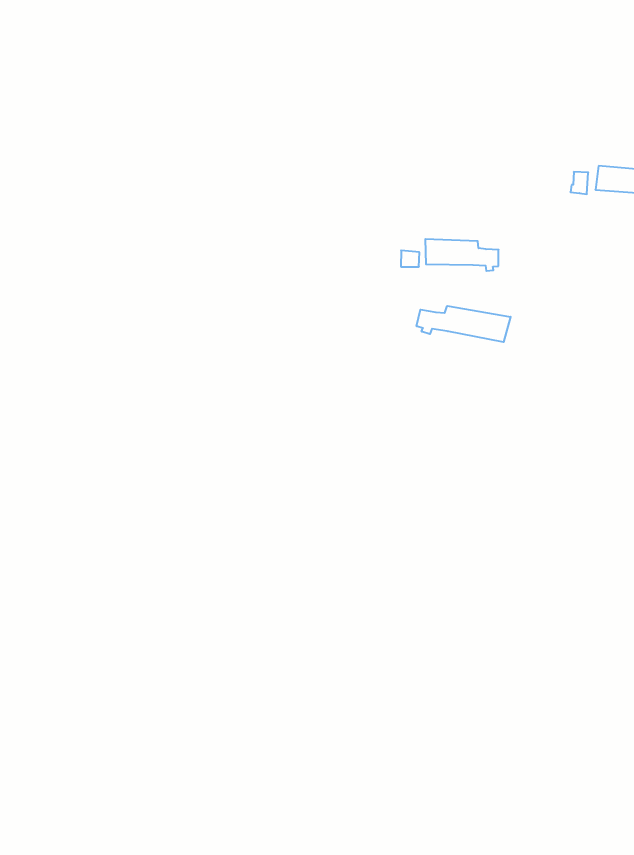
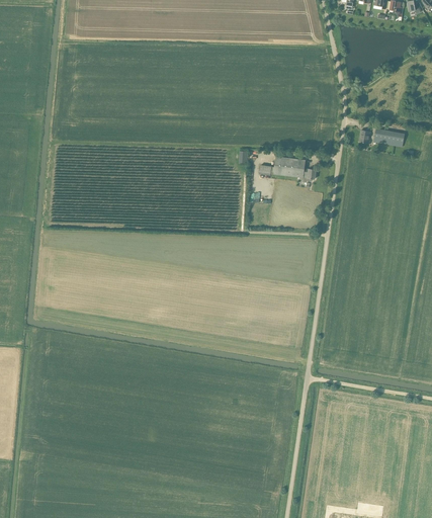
building: [417,306,511,342] -> none

